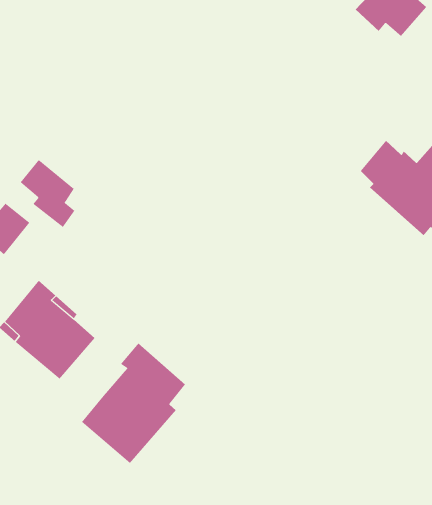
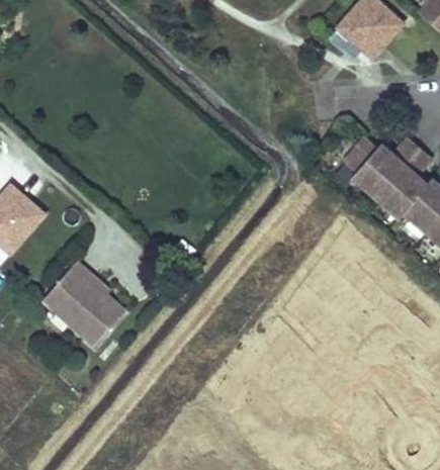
building: [20,159,75,228] -> none
building: [81,342,186,464] -> none

